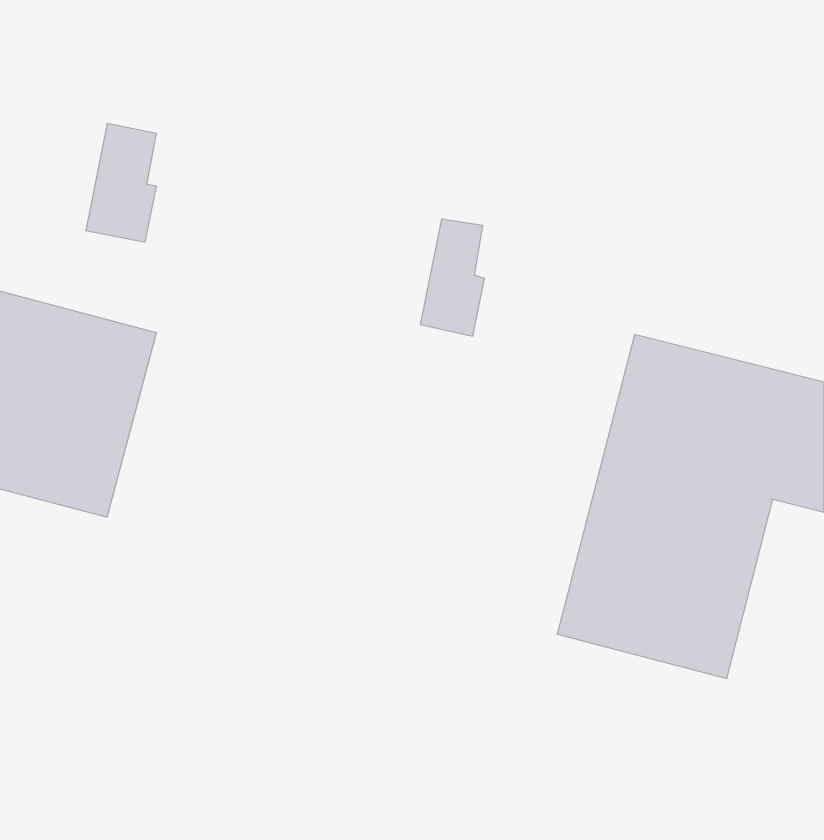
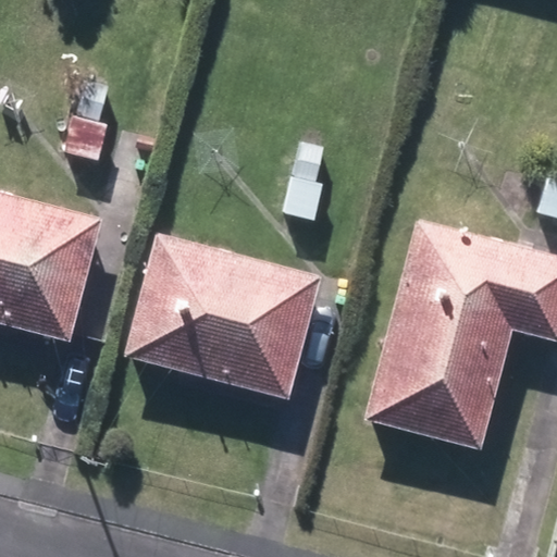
building: none -> [127,235,320,401]

